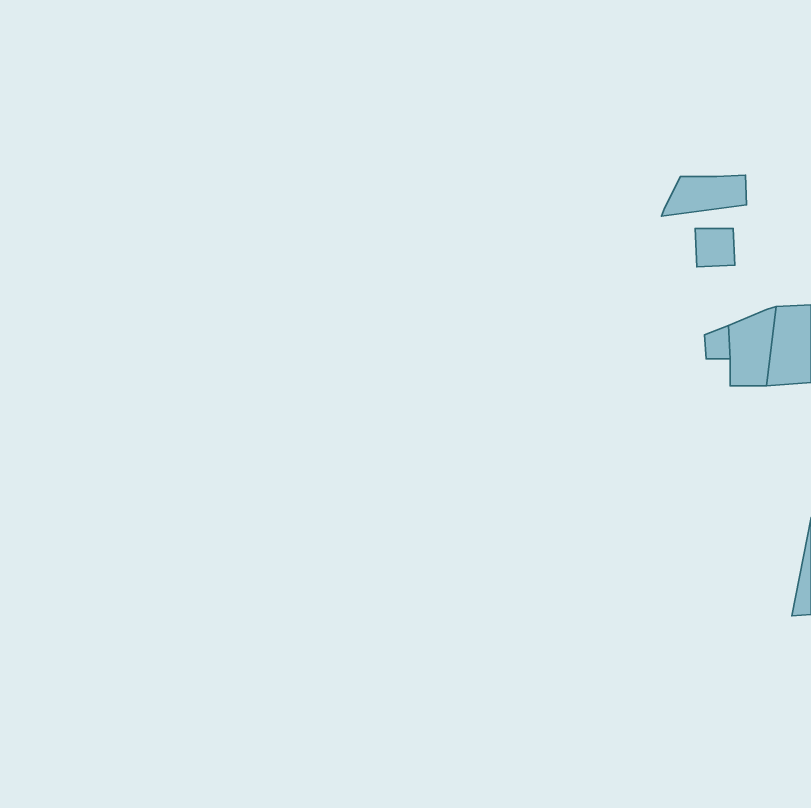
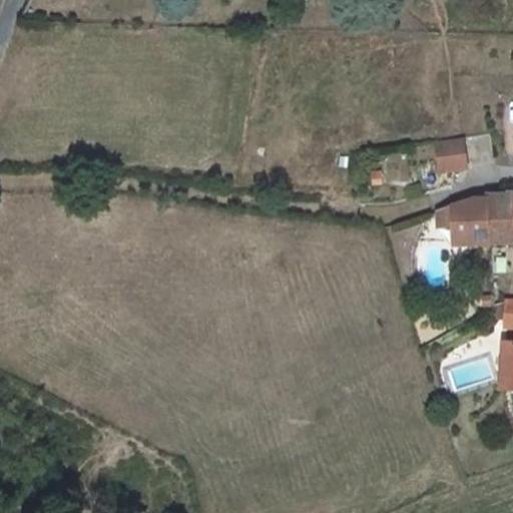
building: [662,175,747,216] -> none

